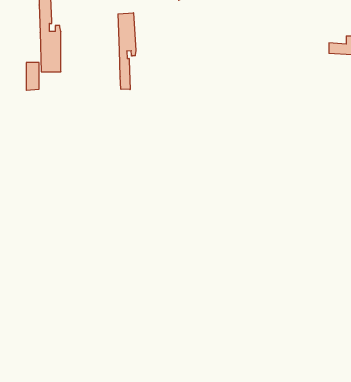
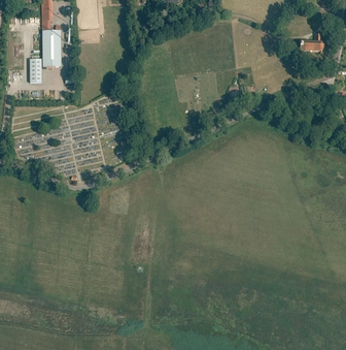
building: [118,13,136,90] -> none

